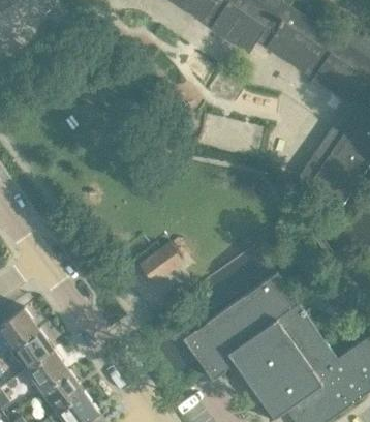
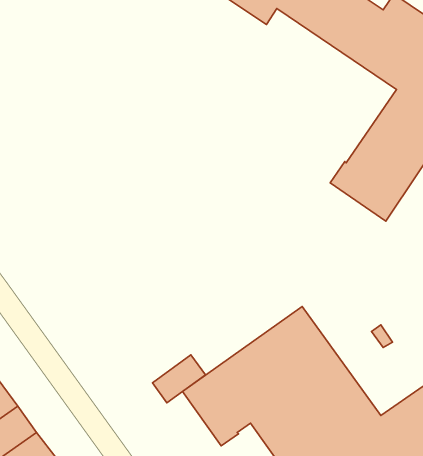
building: [138,243,180,280] -> [152,355,206,403]

